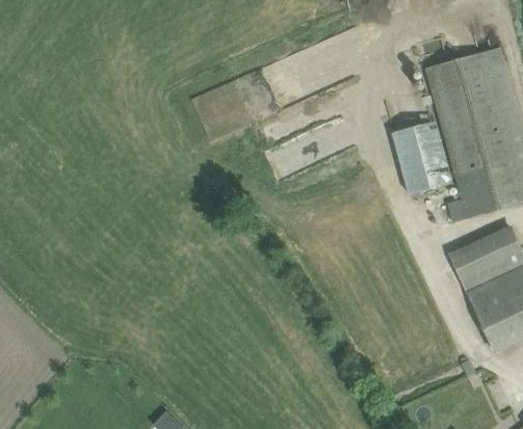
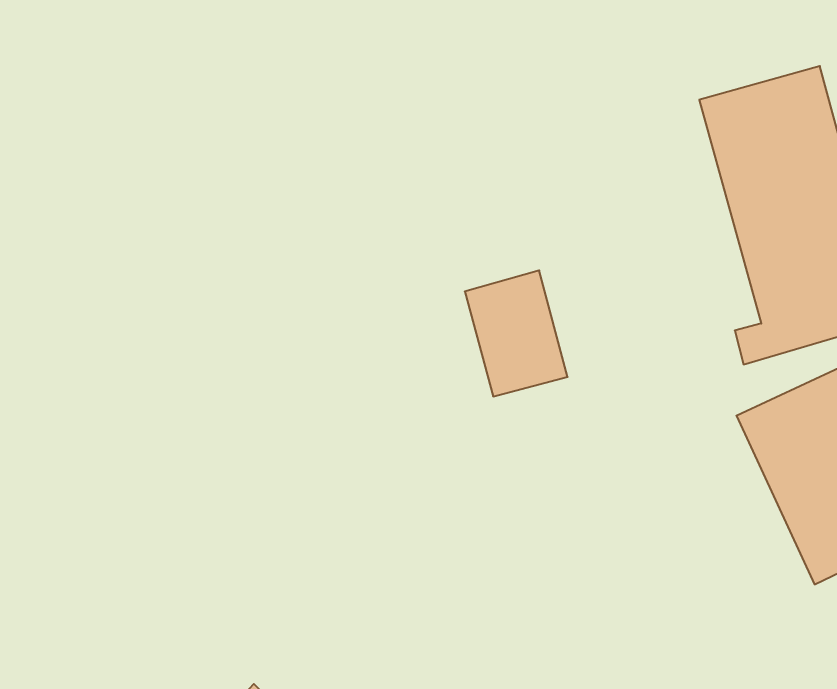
building: [392,119,452,193] -> [465,270,568,396]

